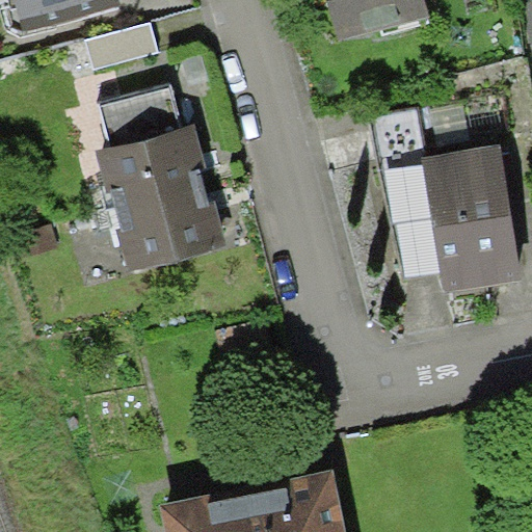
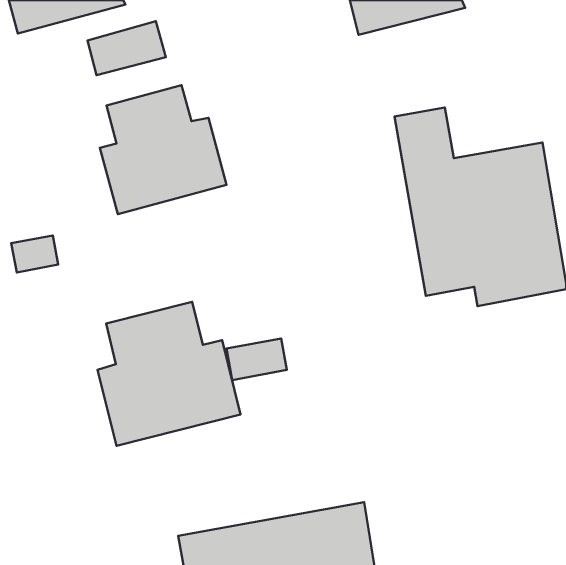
building: [109,179,225,264] -> none
building: none -> [97,302,241,446]

